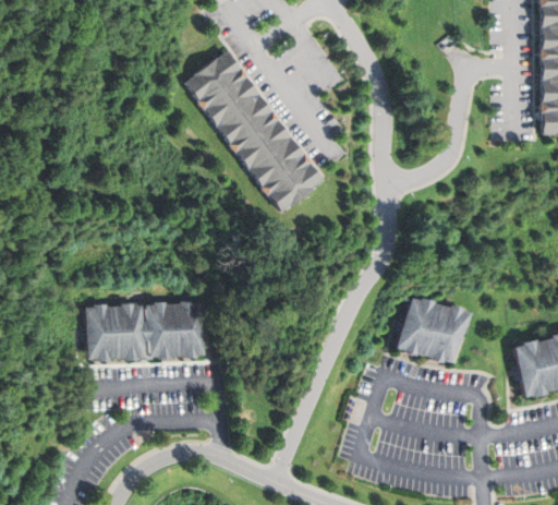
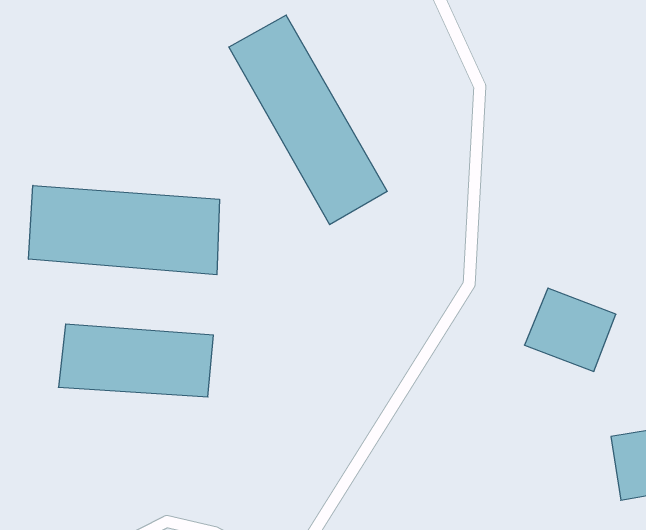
building: none -> [29,185,219,275]
building: [401,302,469,362] -> [524,288,616,371]

